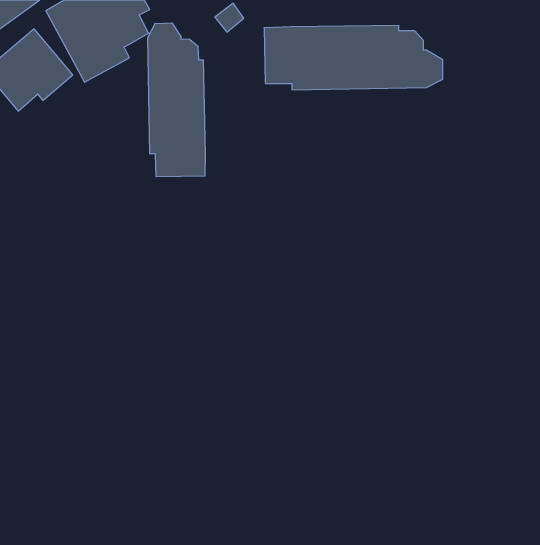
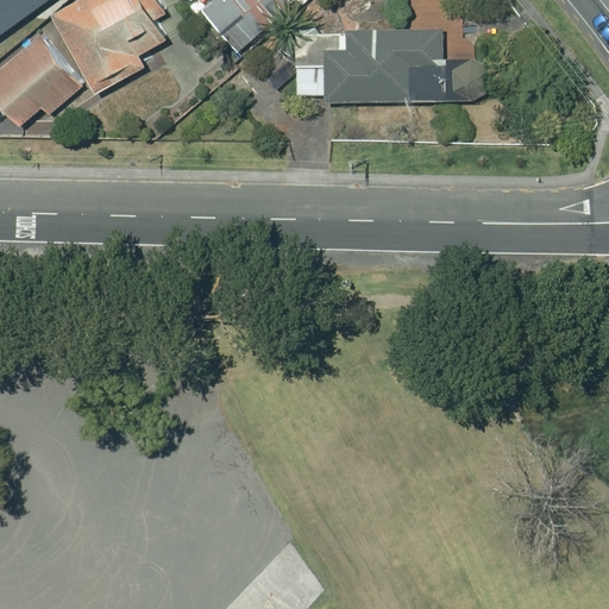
building: [148,23,205,177] -> none

